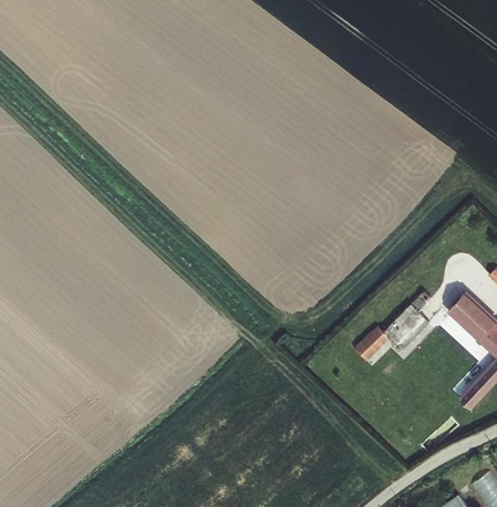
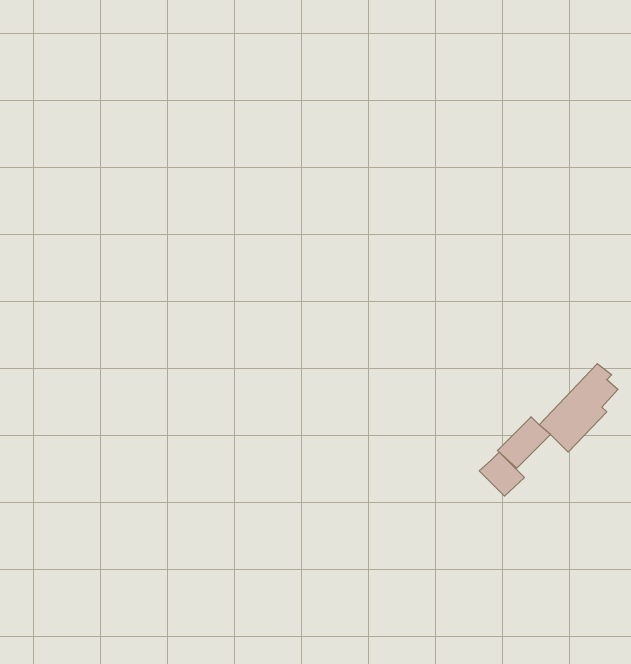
building: none -> [479,452,524,496]

